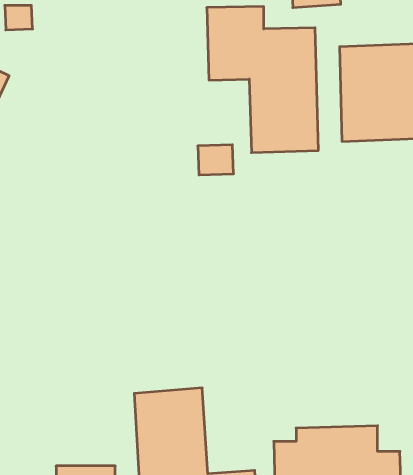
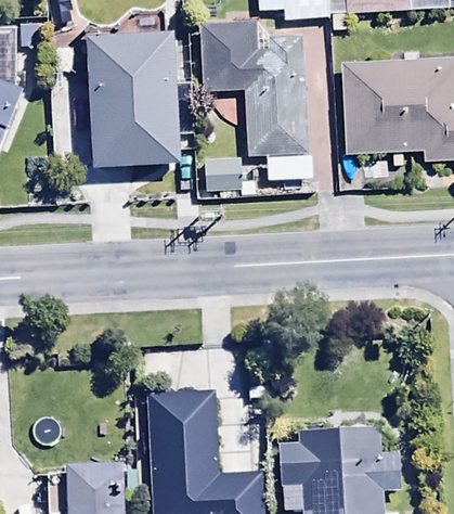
building: none -> [87,23,195,165]

